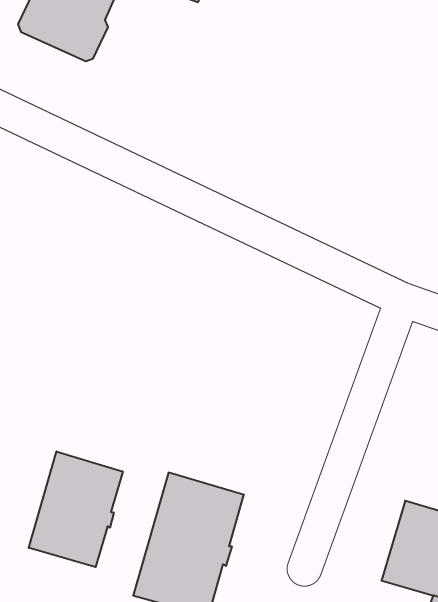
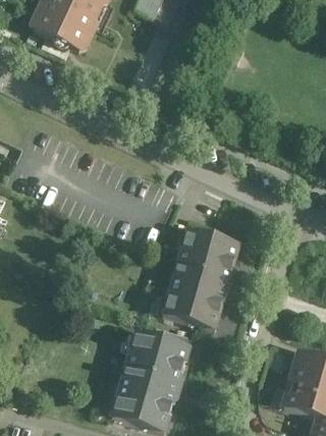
building: none -> [163,228,238,327]
building: [29,451,123,567] -> none

